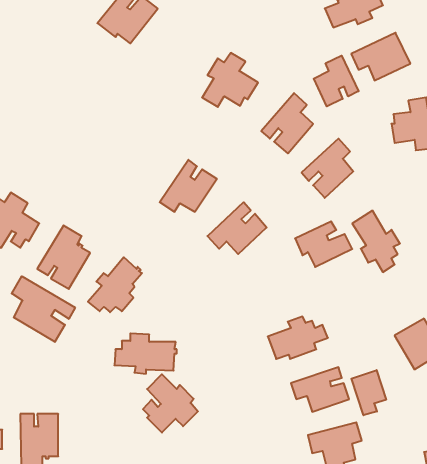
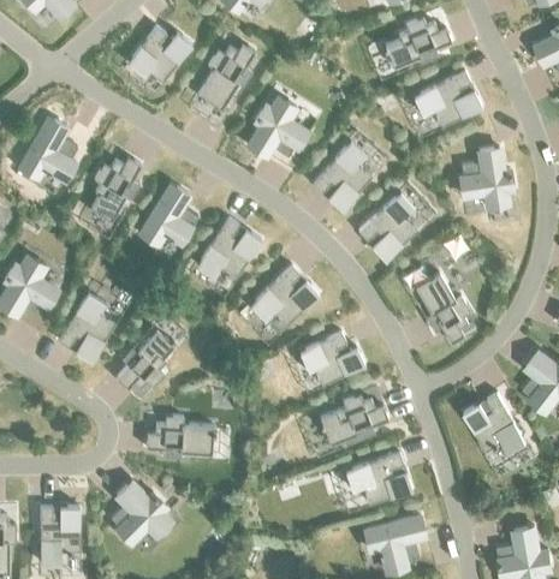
building: none -> [197,43,254,108]
building: [314,56,359,106] -> none
building: none -> [20,118,76,180]
building: none -> [90,155,141,219]
building: none -> [138,183,197,243]
building: [295,221,352,267] -> [299,332,364,383]
building: [12,276,75,342] -> none
building: [351,370,386,415] -> none
building: [143,374,198,433] -> [109,478,172,544]

